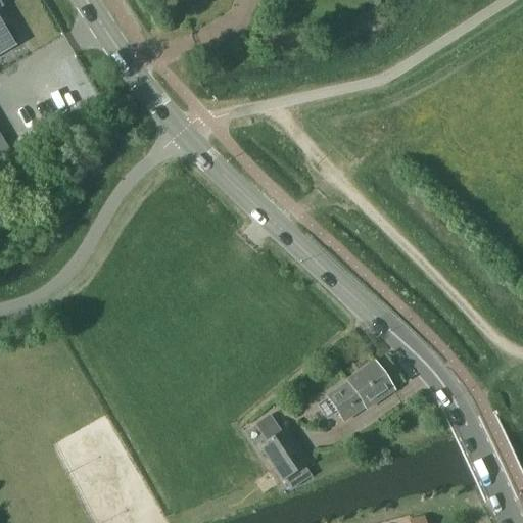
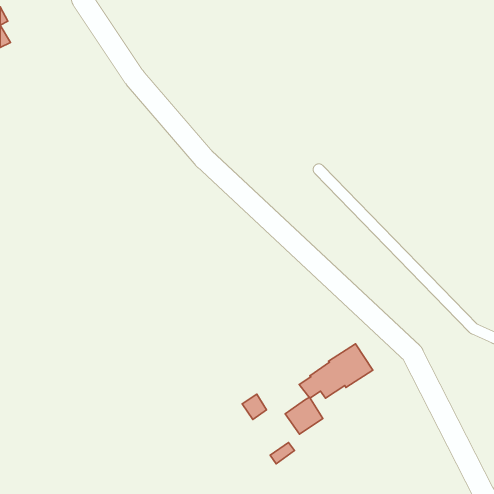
building: [262,429,301,468] -> [285,397,323,434]

